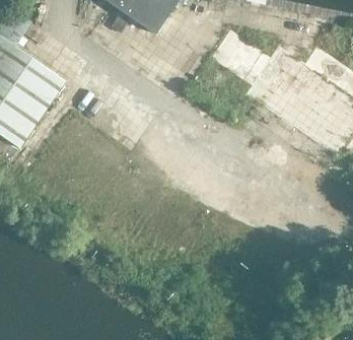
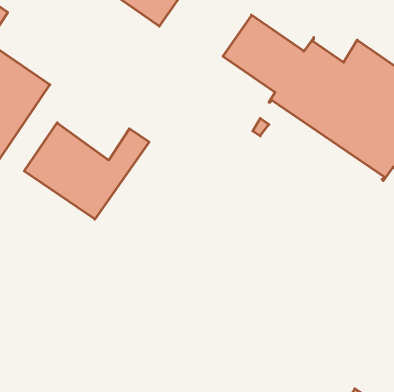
building: none -> [24,123,149,219]

